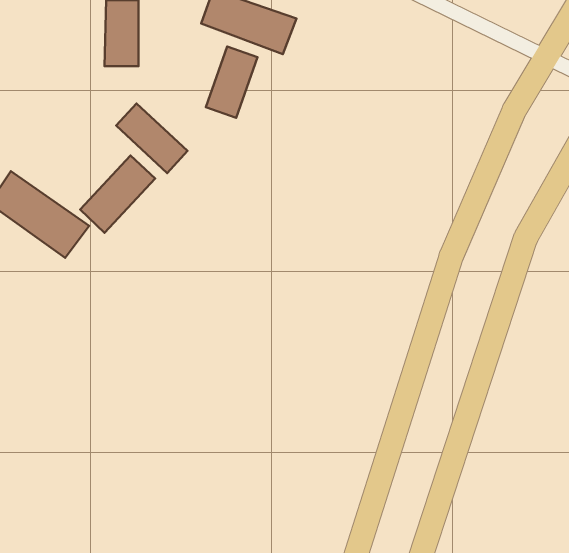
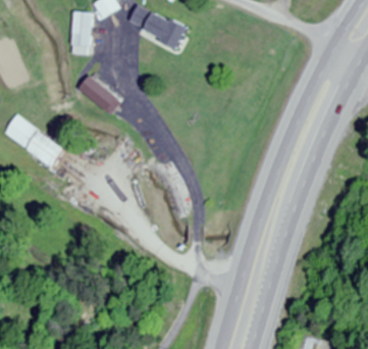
building: [206,47,257,118] -> none
building: [80,155,155,233] -> none

